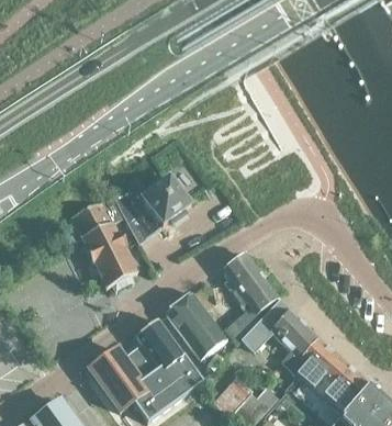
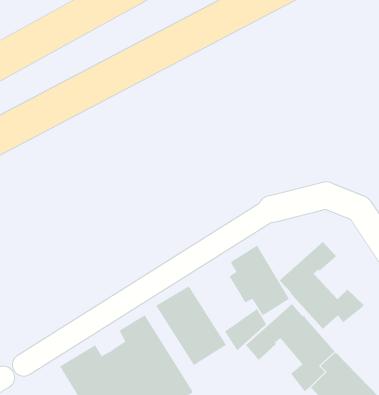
building: [114,177,191,244] -> none
building: [59,201,137,291] -> none
building: none -> [279,241,364,329]

